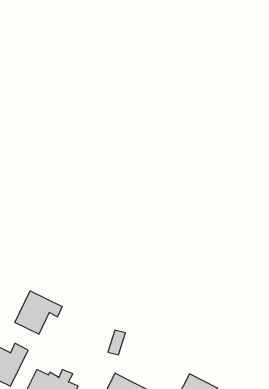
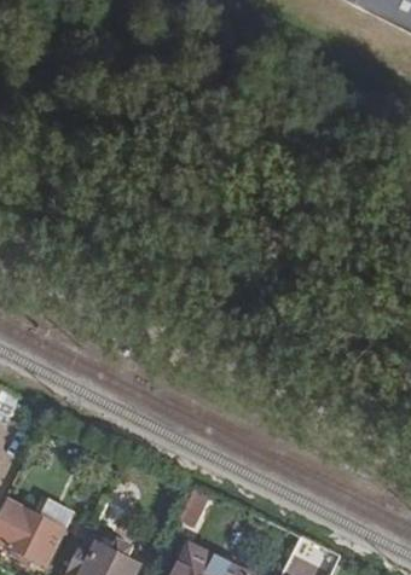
building: [15,291,62,334] -> none

